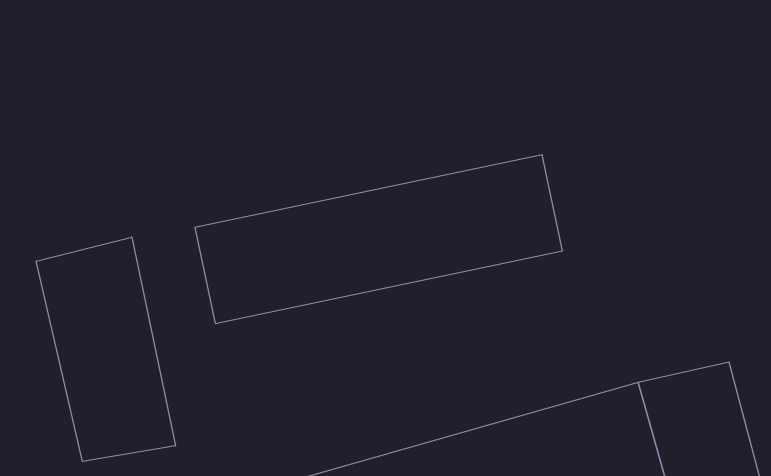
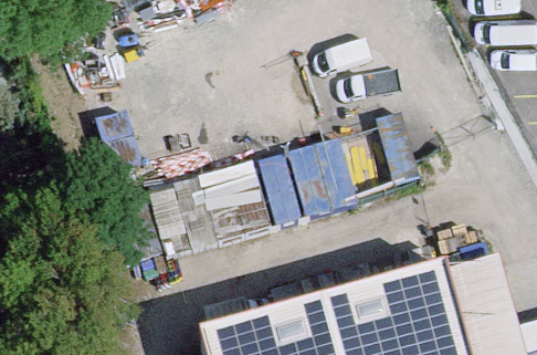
building: [36,237,175,461] -> none

